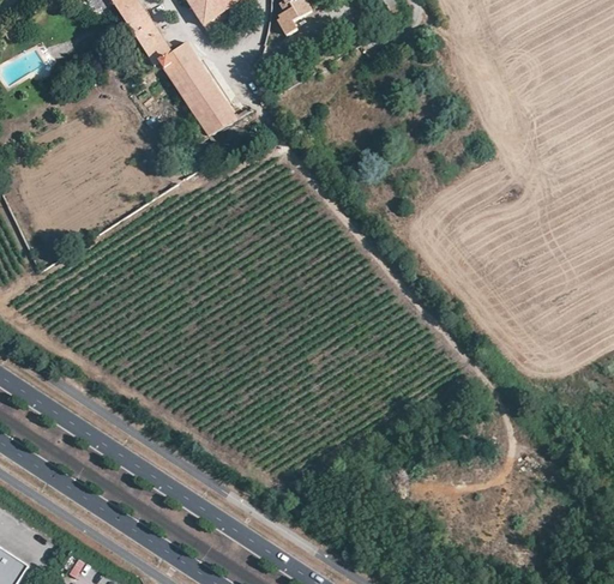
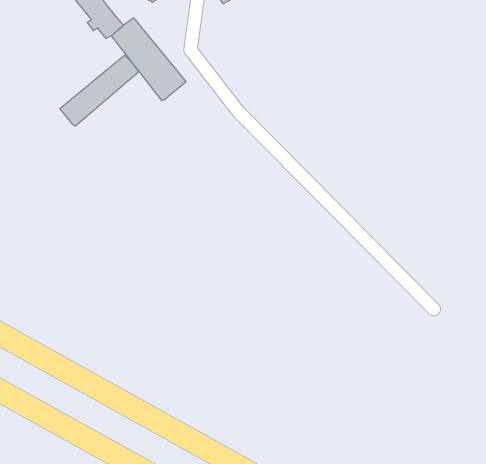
building: none -> [60,55,139,126]

